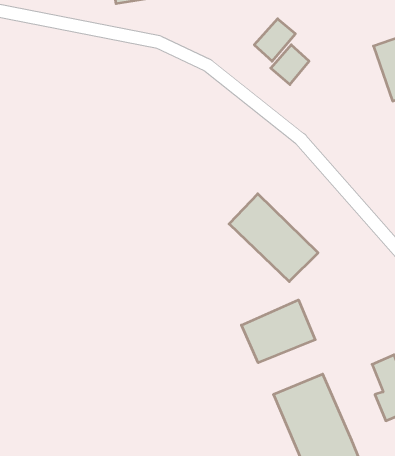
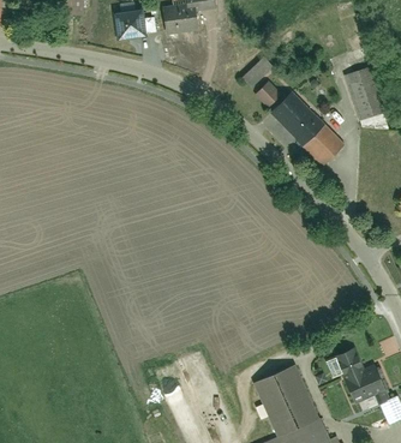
building: [229,194,318,282] -> [270,90,348,167]
building: [241,300,315,363] -> none

